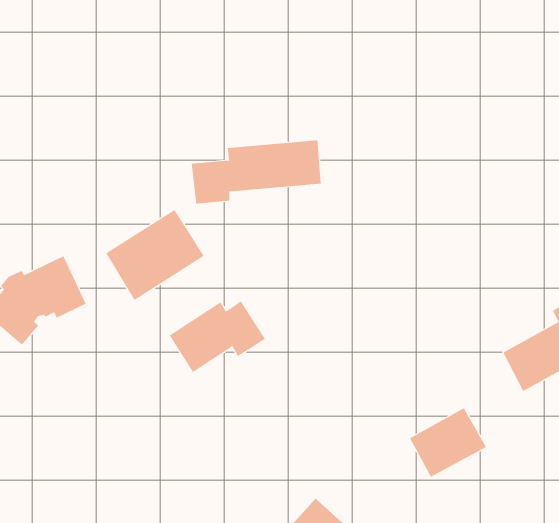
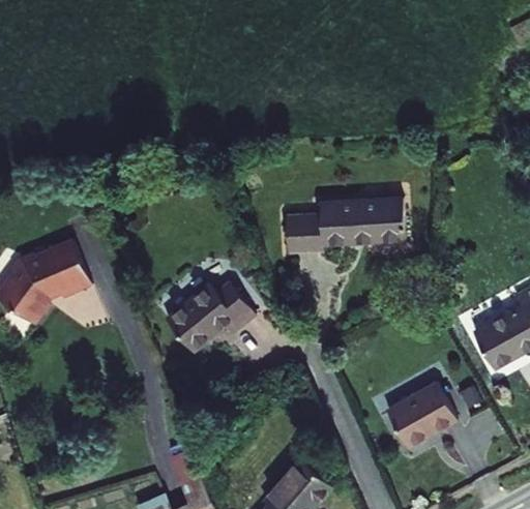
building: [191,140,322,204] -> [289,198,409,257]
building: [105,209,204,301] -> none

